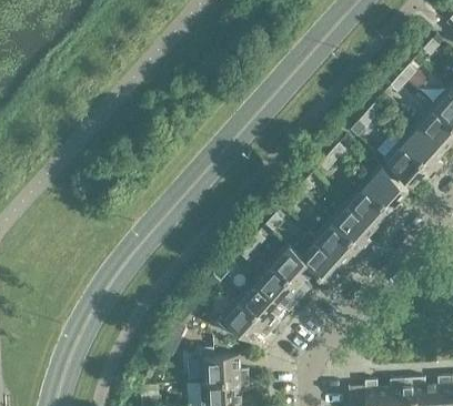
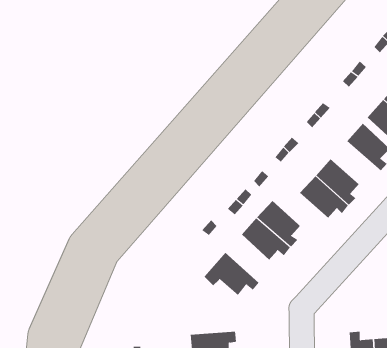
building: [346,184,399,229] -> none
building: [286,237,344,287] -> none
building: [238,281,283,331] -> none
building: [200,348,249,384] -> none

